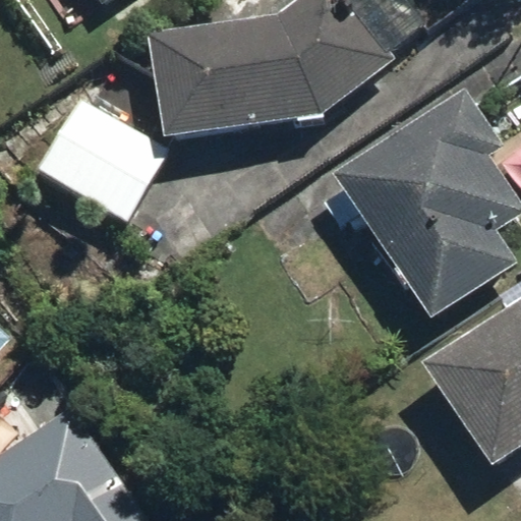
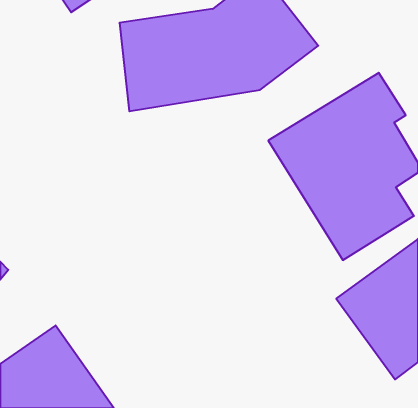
building: [35,93,169,223] -> none

